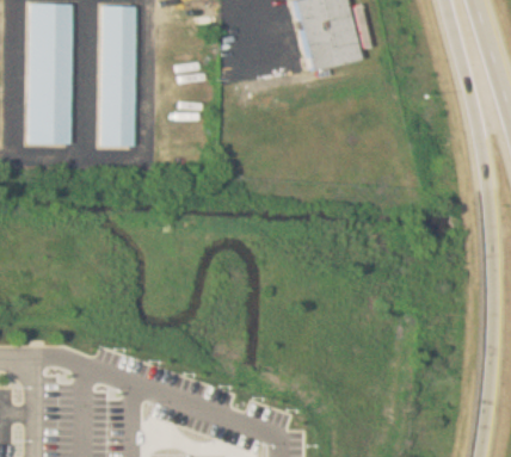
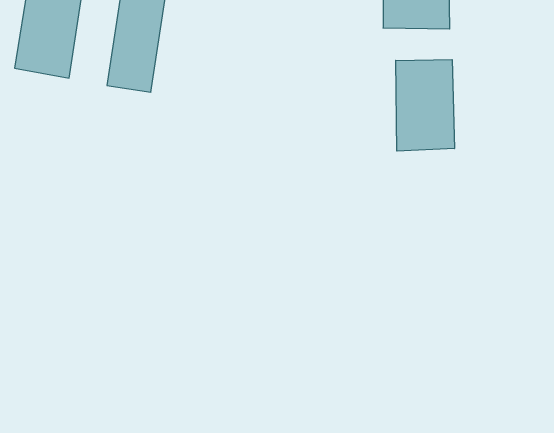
building: none -> [396,60,454,151]

